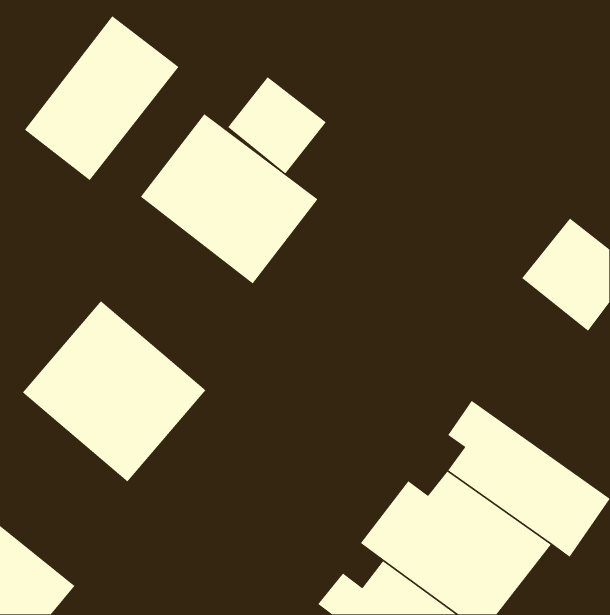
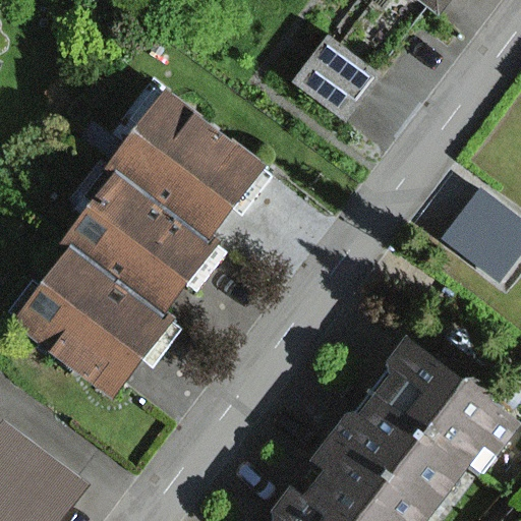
building: [24,15,179,181] -> none
building: [227,76,327,175] -> [290,32,373,114]
building: none -> [74,177,222,319]

